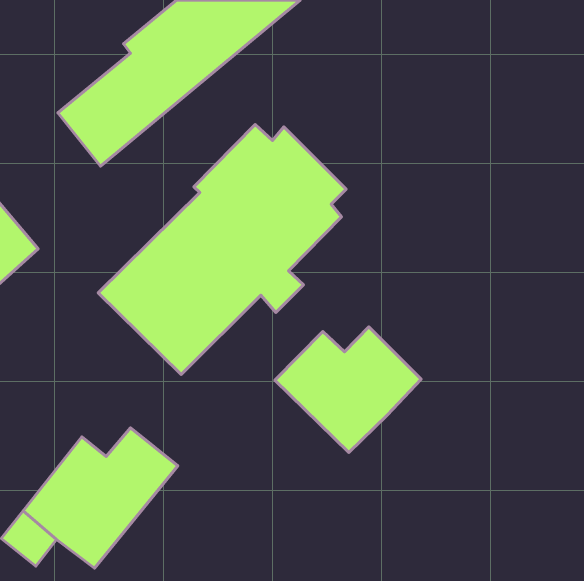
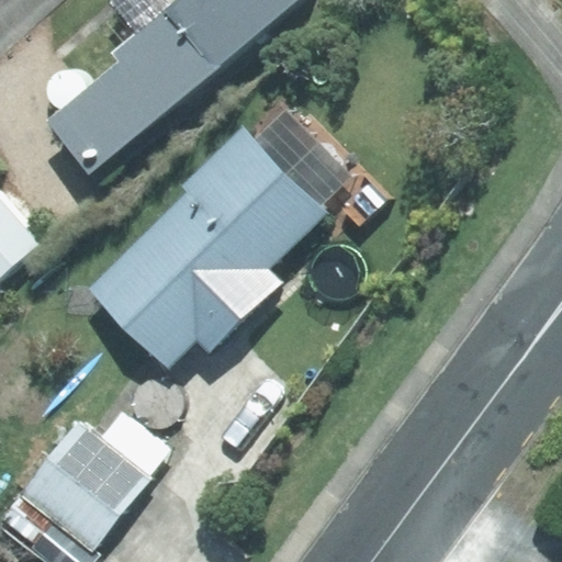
building: [275,327,421,453] -> none

